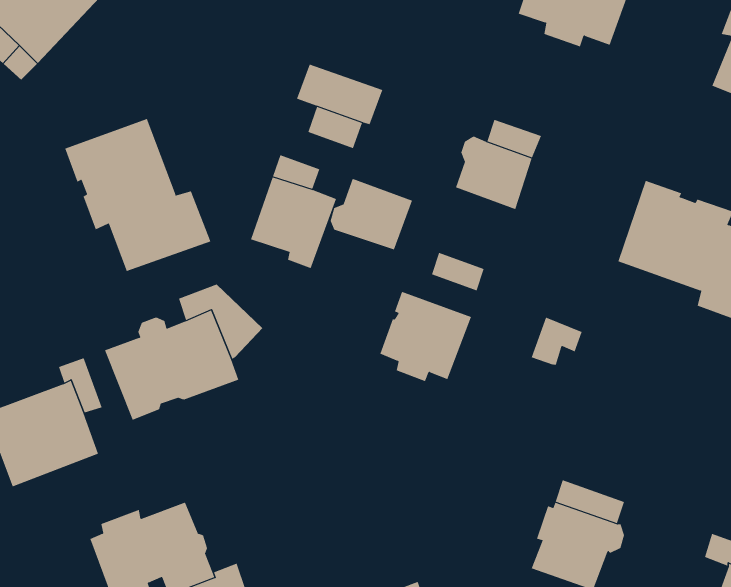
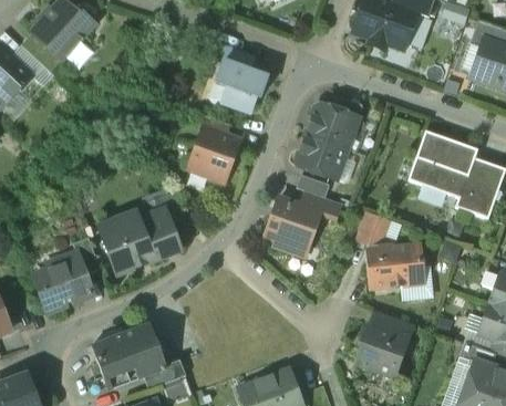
building: [65,118,211,272] -> none
building: [330,178,413,250] -> [298,135,348,178]
building: none -> [369,244,423,287]

